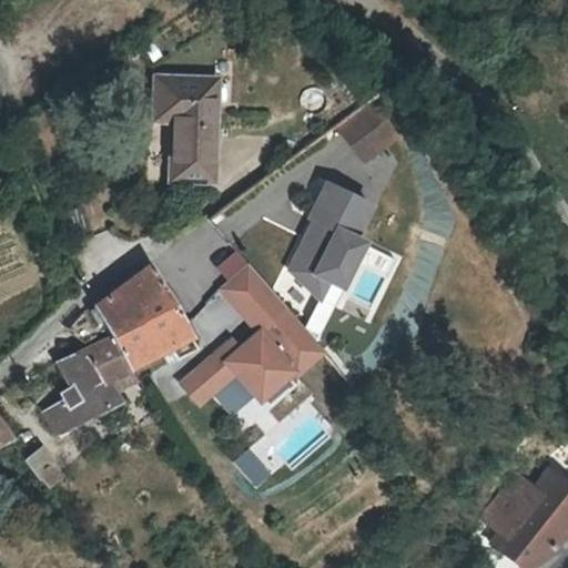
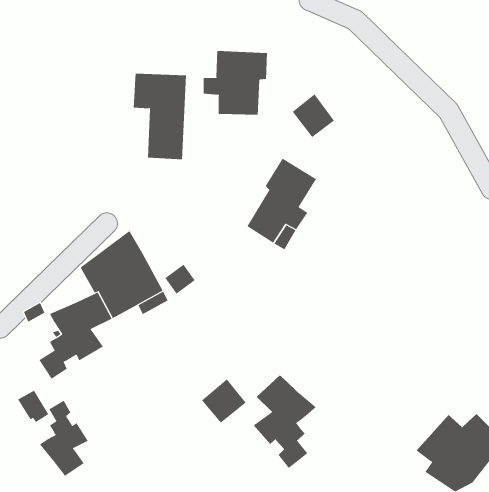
building: none -> [203,50,268,116]
building: [178,250,329,409] -> none
building: none -> [253,374,317,469]
building: none -> [39,400,89,477]

